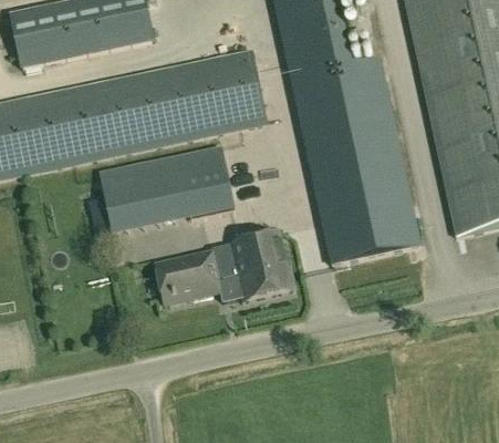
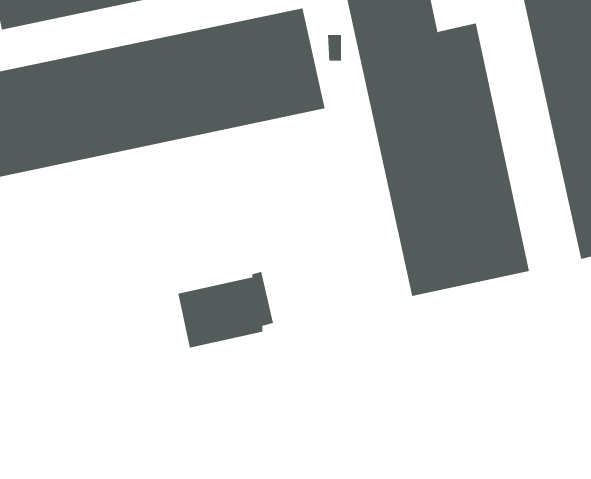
building: [100,145,236,235] -> none
building: [220,231,295,300] -> none

